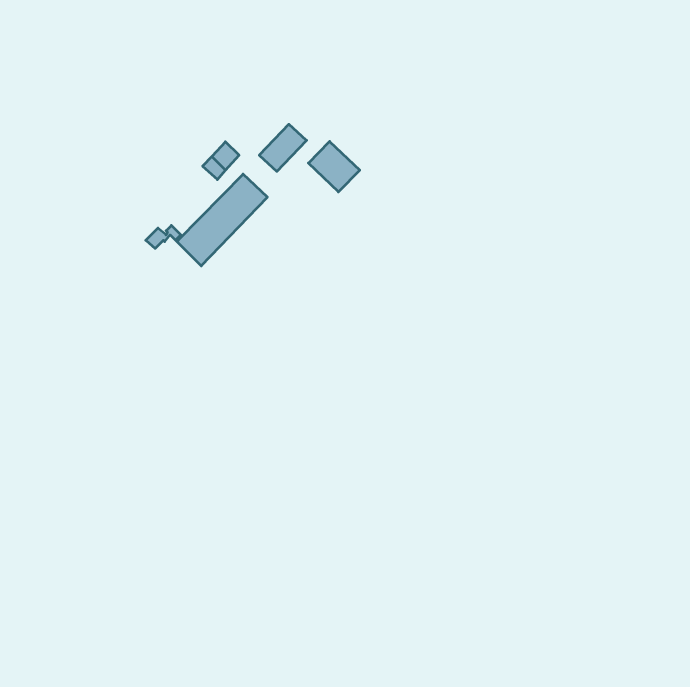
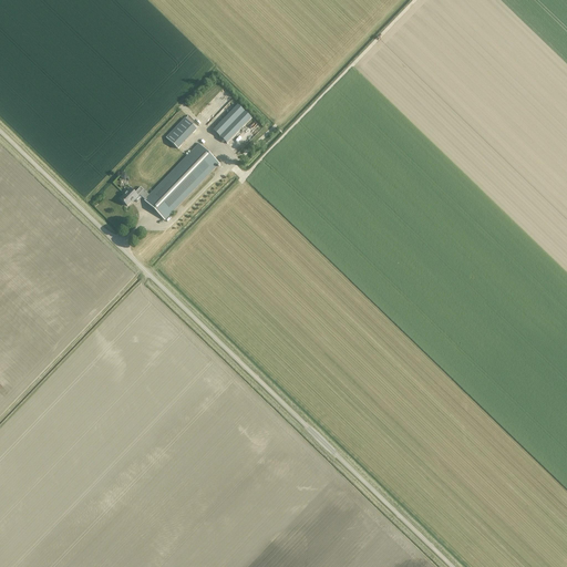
building: [308,141,360,192] -> none

